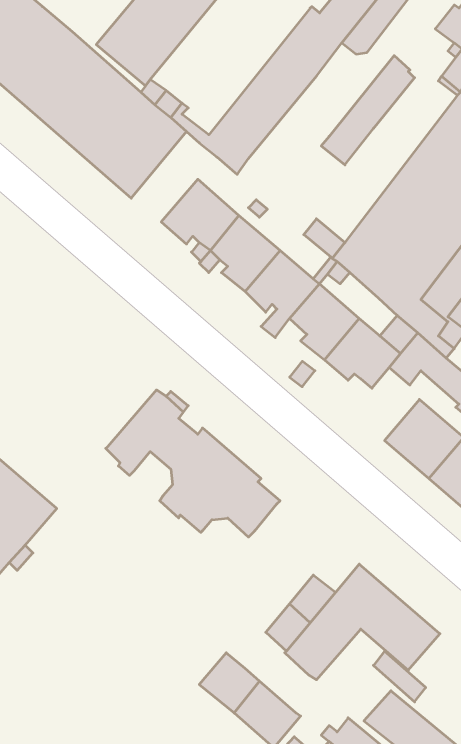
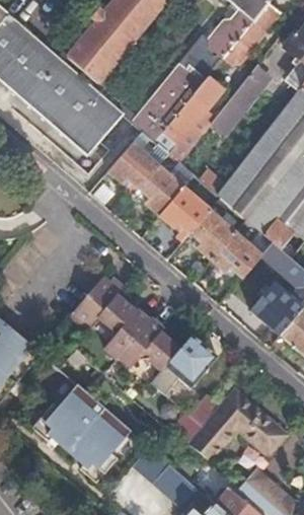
building: none -> [156,77,218,160]
building: none -> [153,337,218,394]
building: none -> [30,384,131,482]

